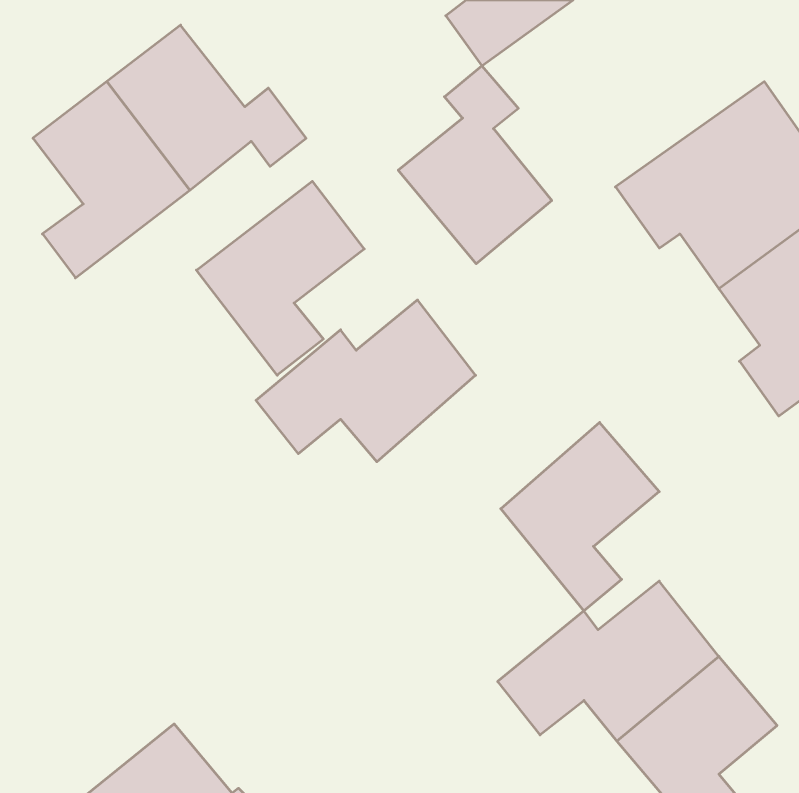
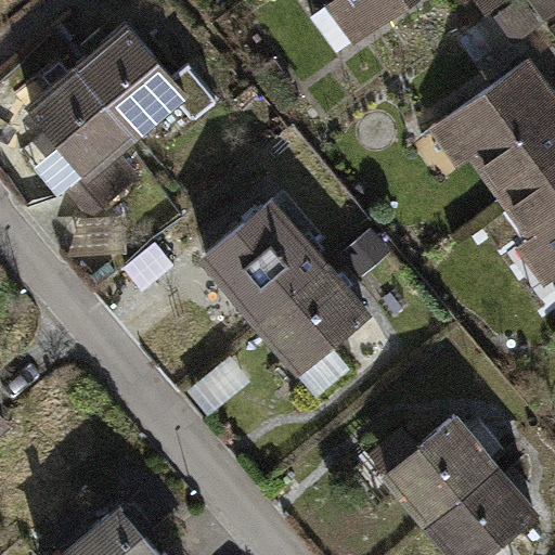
building: [398,66,552,264] -> none
building: [196,181,364,375] -> none
building: [501,422,659,611] -> [262,266,372,396]

